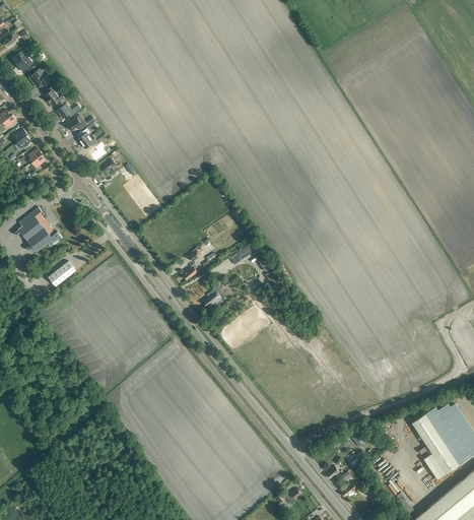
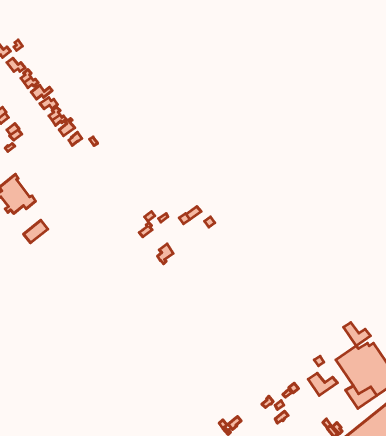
building: none -> [344,323,370,346]
building: none -> [308,373,338,395]

